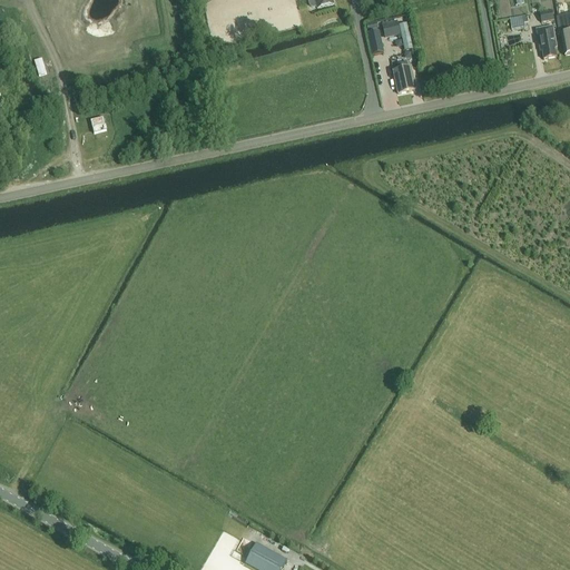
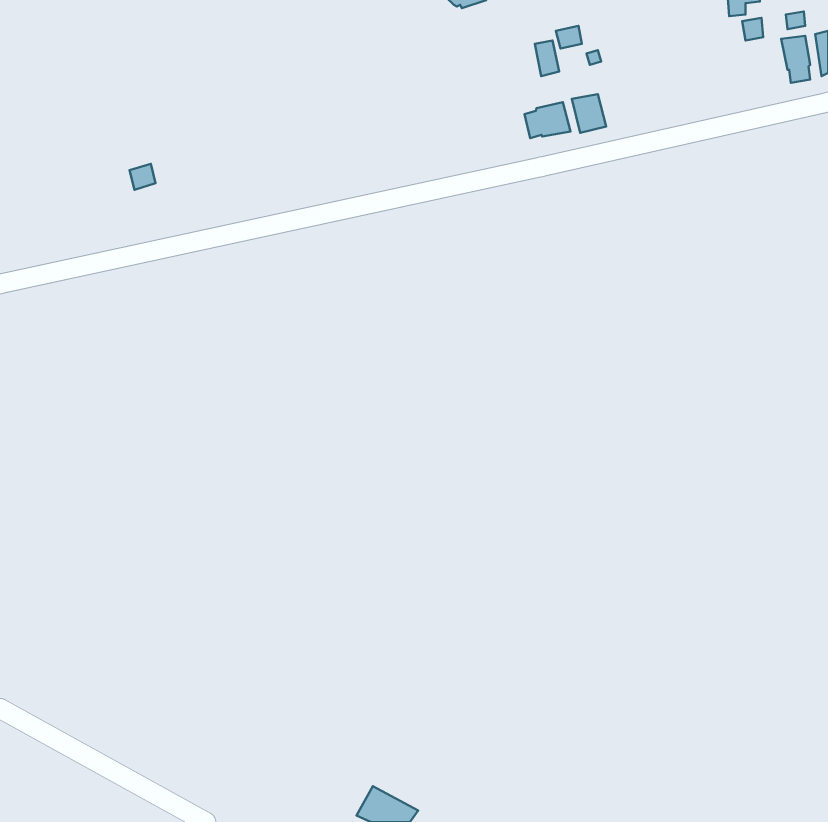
building: none -> [525,102,570,138]

